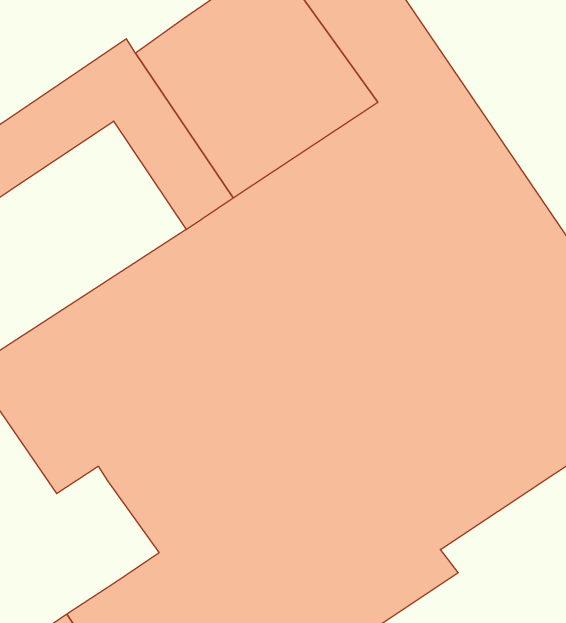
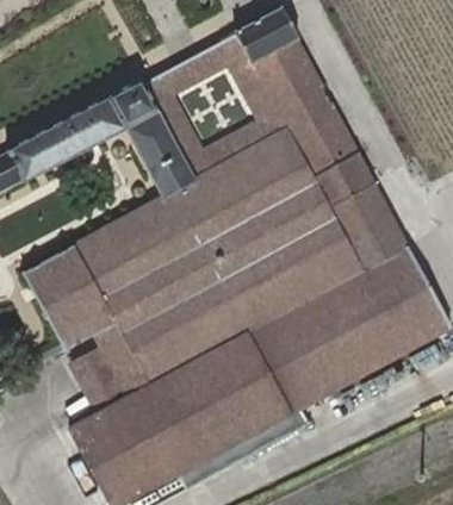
building: none -> [70,347,126,410]

